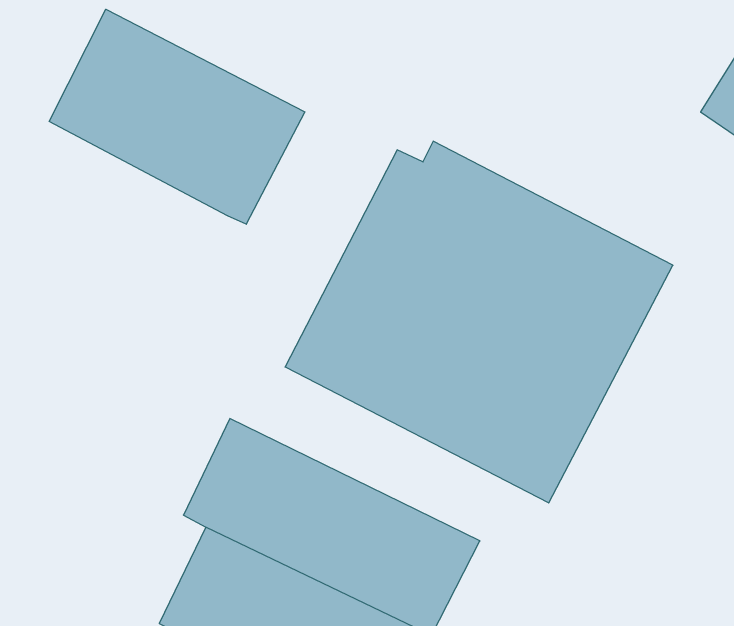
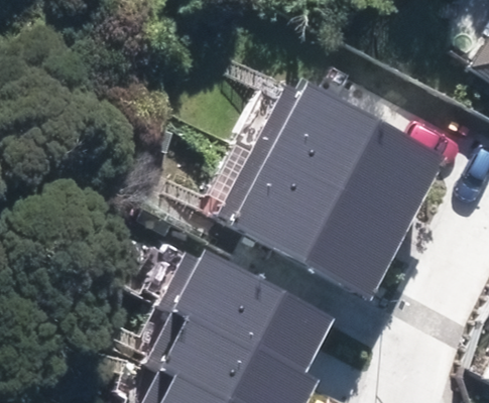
building: [49,9,305,224] -> none

